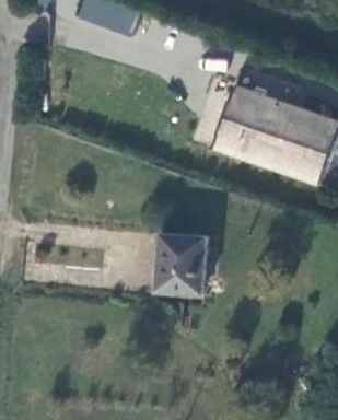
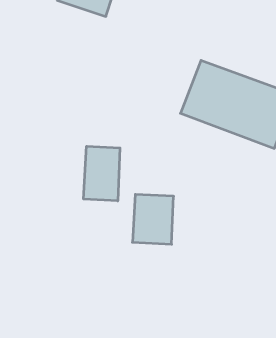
building: none -> [84,146,120,201]

